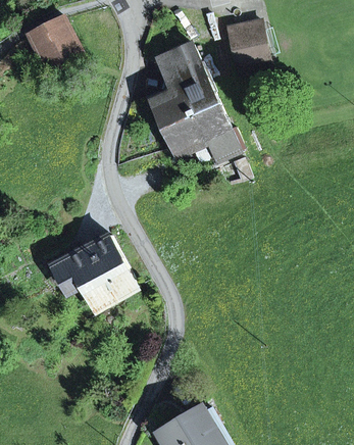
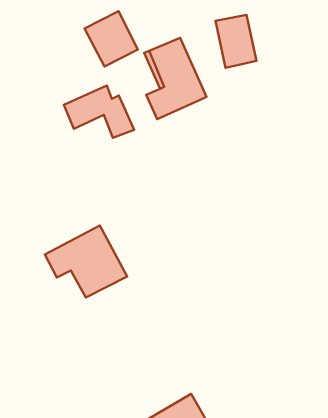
building: [28,15,82,71] -> [85,11,138,67]
building: [167,105,239,158] -> [64,86,134,138]

